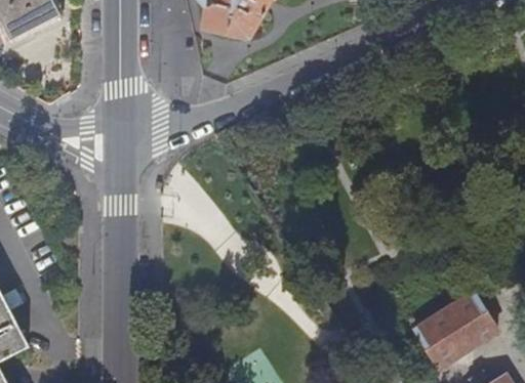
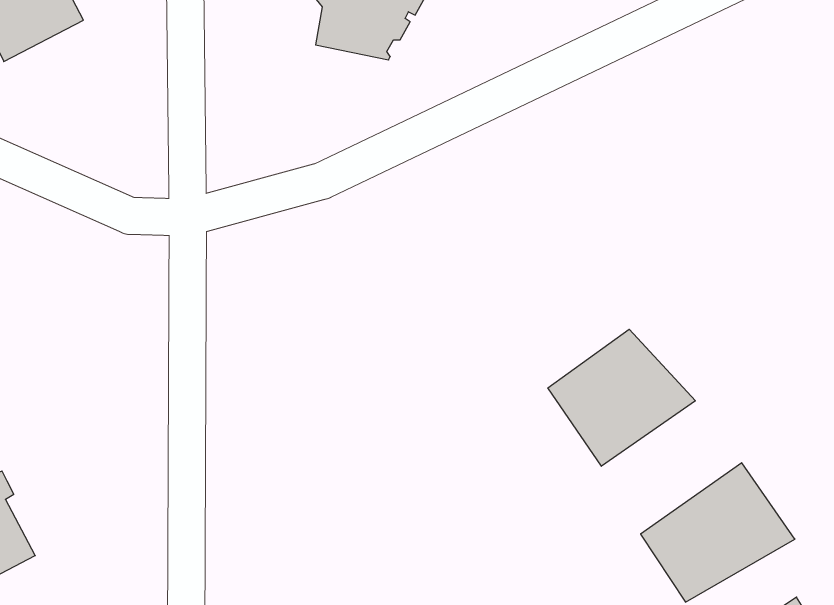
building: none -> [548,329,695,466]

